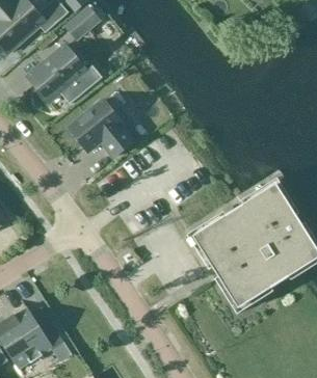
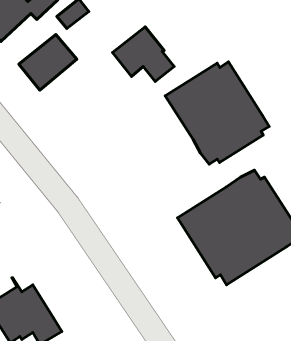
building: none -> [165,62,269,164]
building: [69,99,133,156] -> [112,27,174,82]

